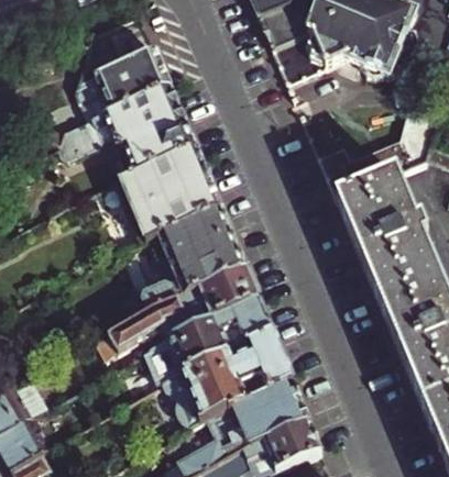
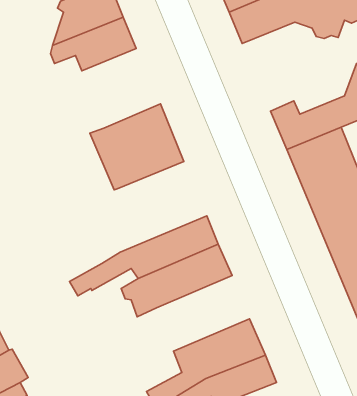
building: [52,88,197,175] -> none
building: [128,211,248,322] -> none
building: [167,335,294,426] -> none

